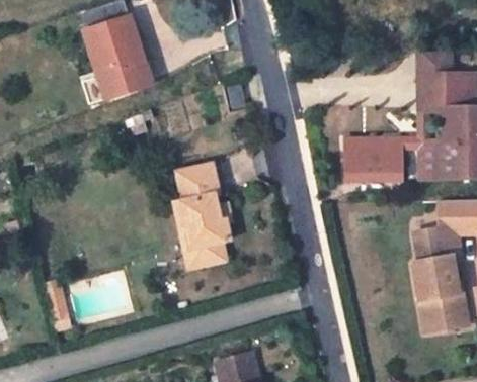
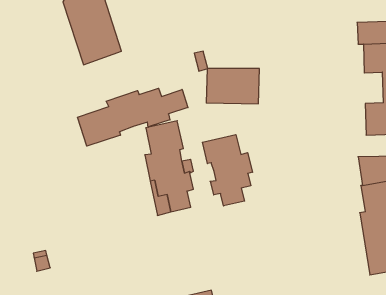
building: none -> [77,88,188,146]
building: [344,141,404,181] -> [206,69,259,104]
building: none -> [202,135,253,206]

